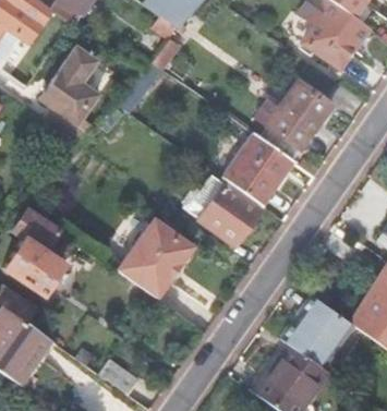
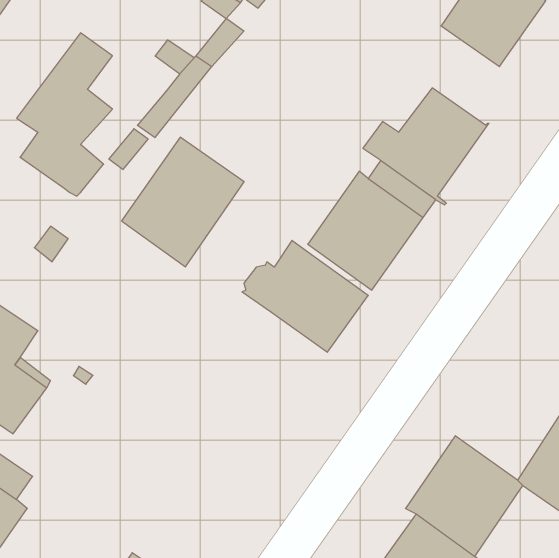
building: [117,218,192,298] -> [122,137,244,267]

